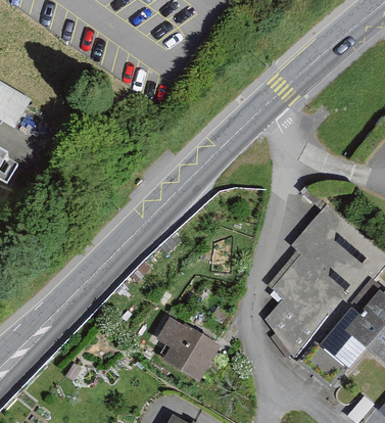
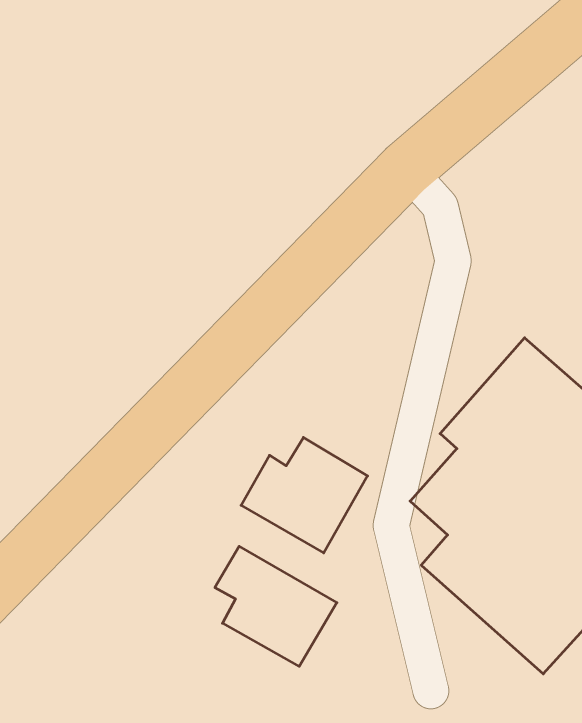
building: none -> [241,437,368,553]

